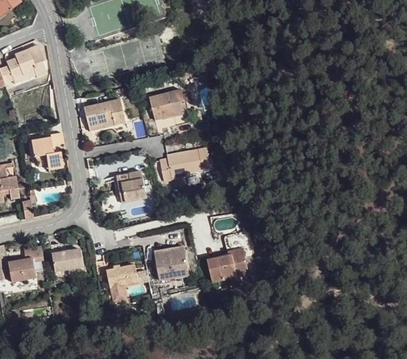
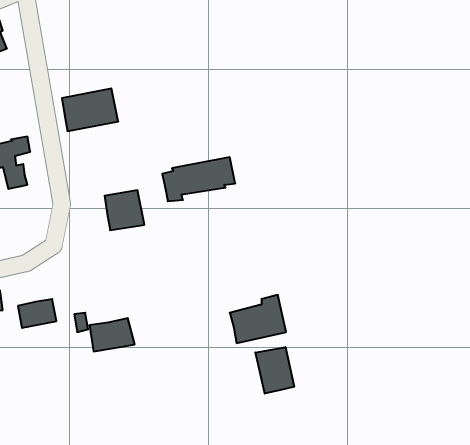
building: [149,90,188,122] -> none
building: [154,249,189,280] -> none
building: none -> [255,347,294,394]

